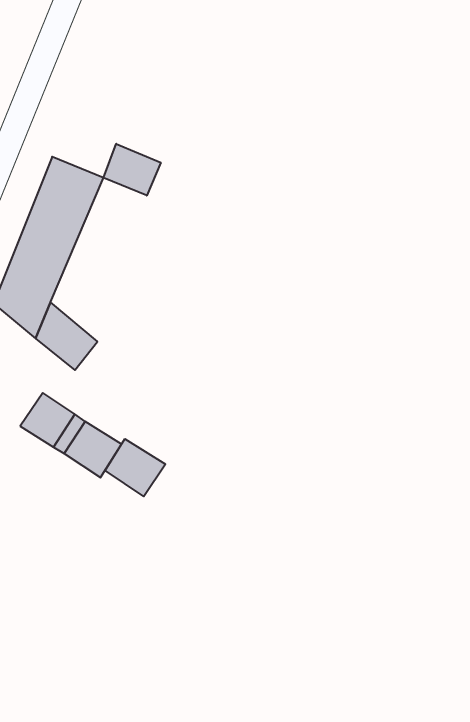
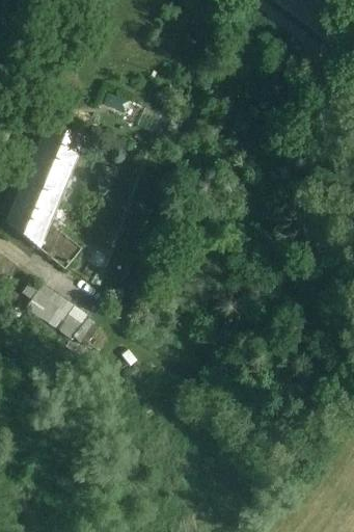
building: [103,144,161,196] -> none
building: [105,439,165,496] -> none

